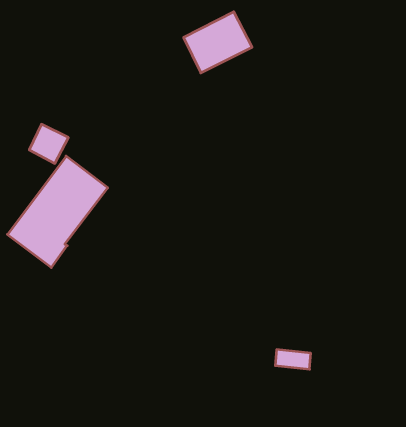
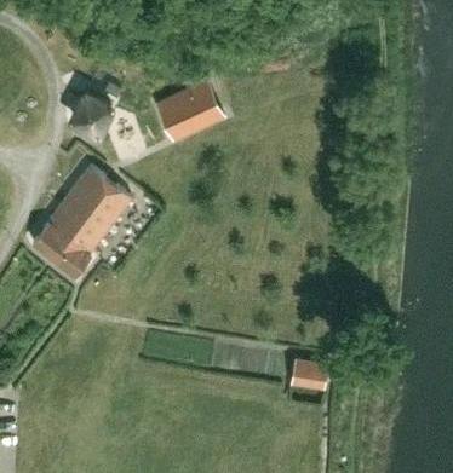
building: [184,12,252,73] -> [156,81,224,142]
building: [29,124,68,163] -> [73,94,111,133]

